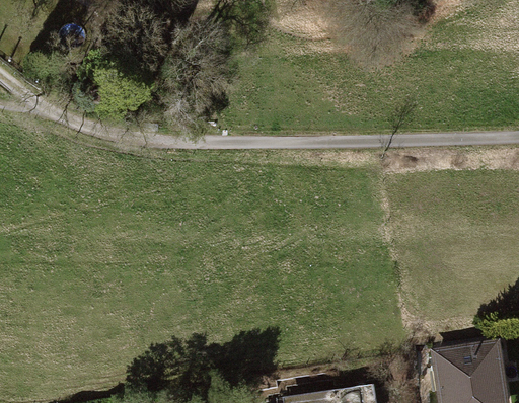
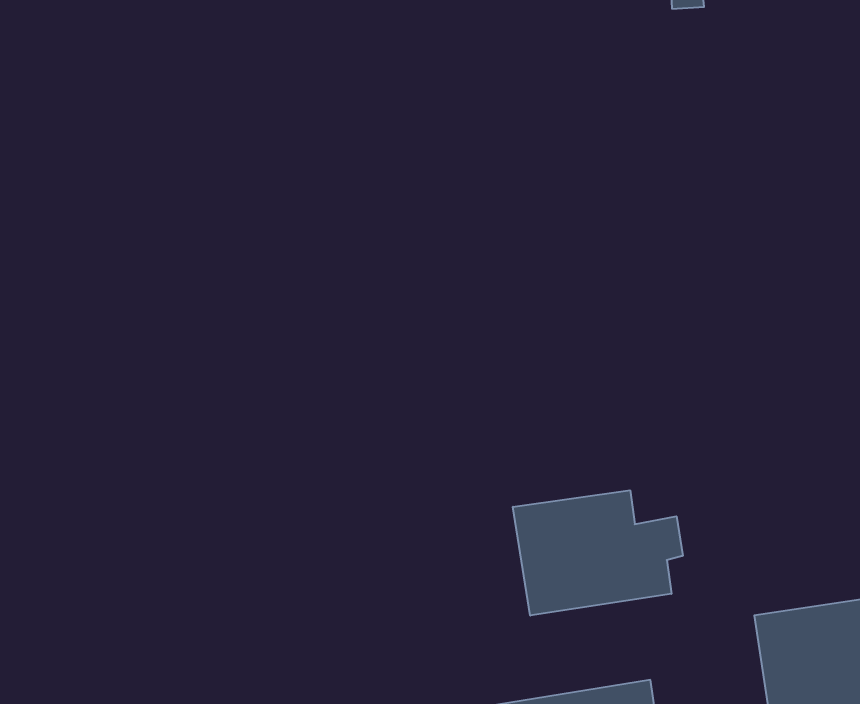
building: none -> [513,490,683,616]

